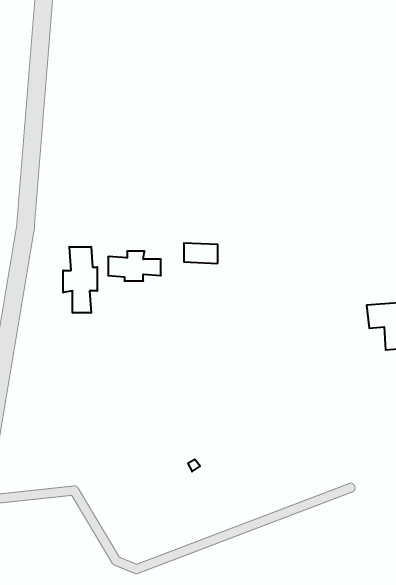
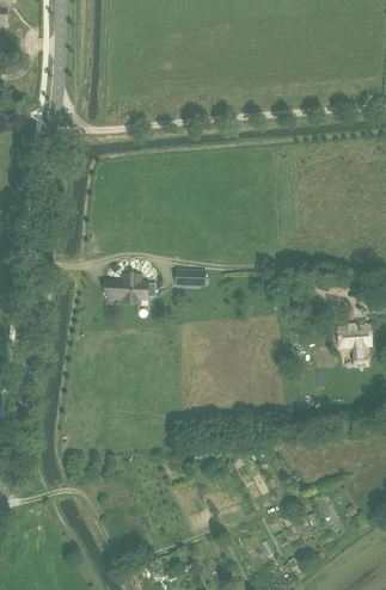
building: [63,247,97,313] -> none

